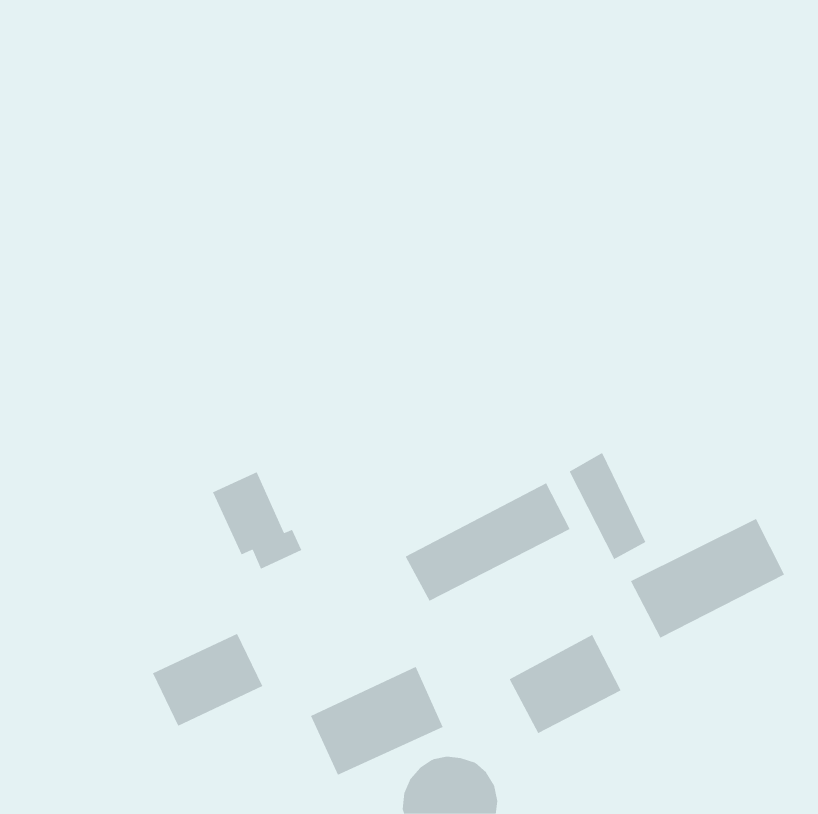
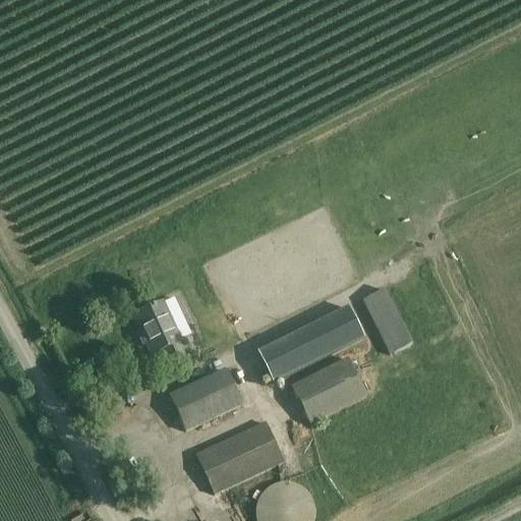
building: [630,518,785,639] -> none
building: [152,633,263,726] -> [171,369,241,428]
building: [509,634,621,734] -> [292,357,363,420]

